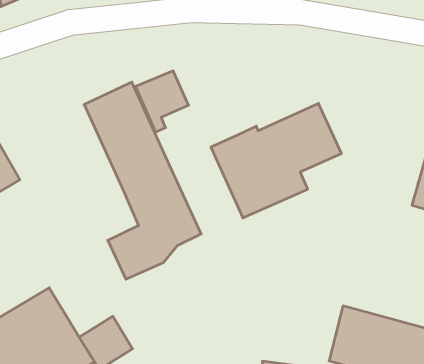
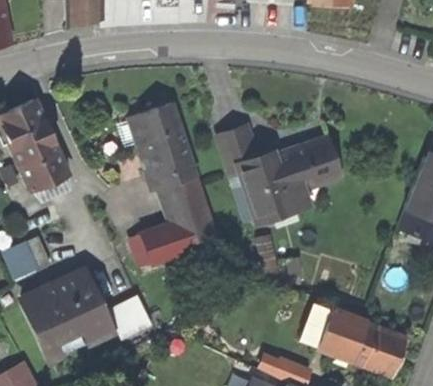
building: [135,71,189,132] -> [214,125,257,175]

